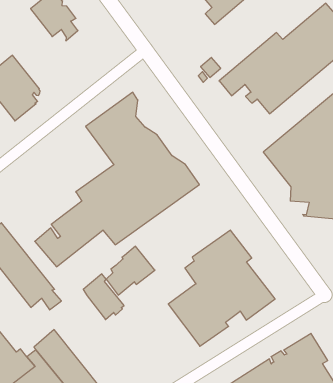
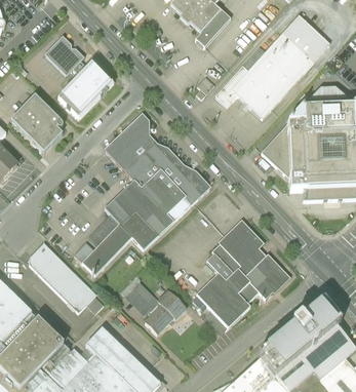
building: none -> [60,63,112,116]
building: [106,246,155,295] -> [146,289,187,334]

